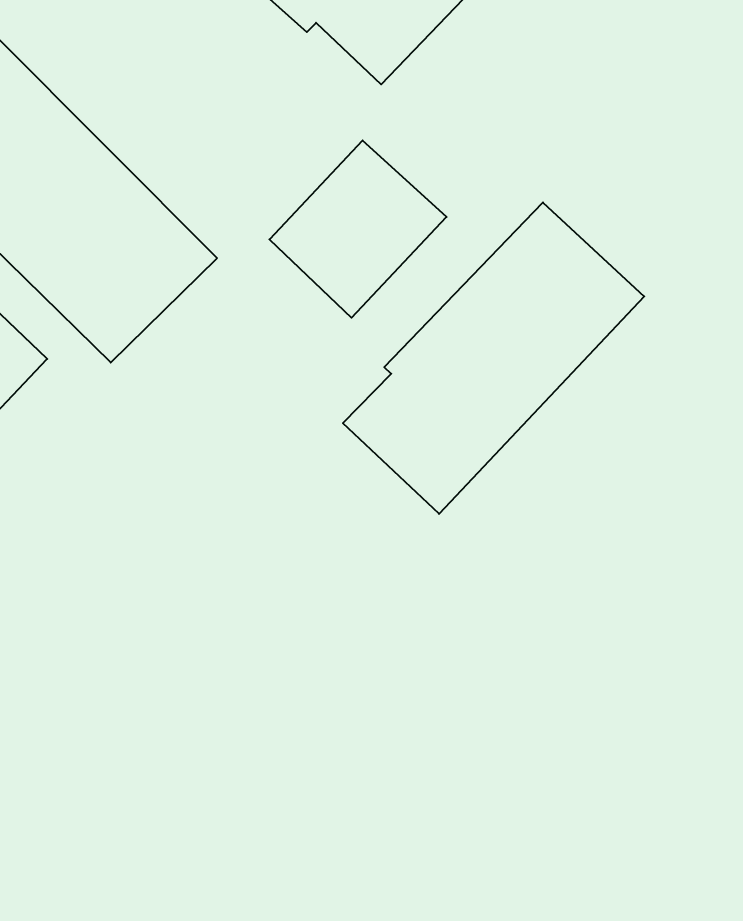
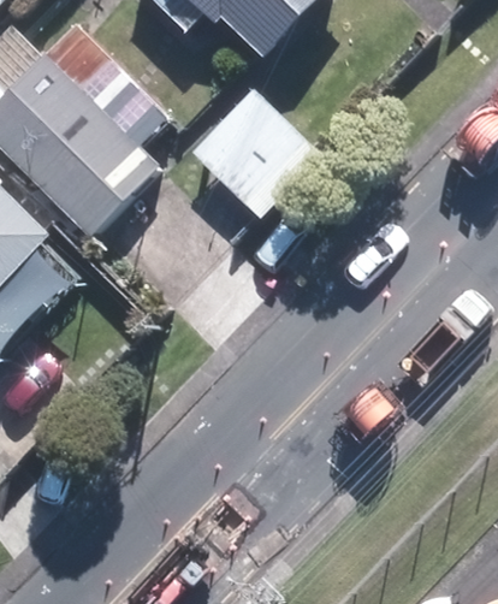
building: [343,202,644,514] -> none

